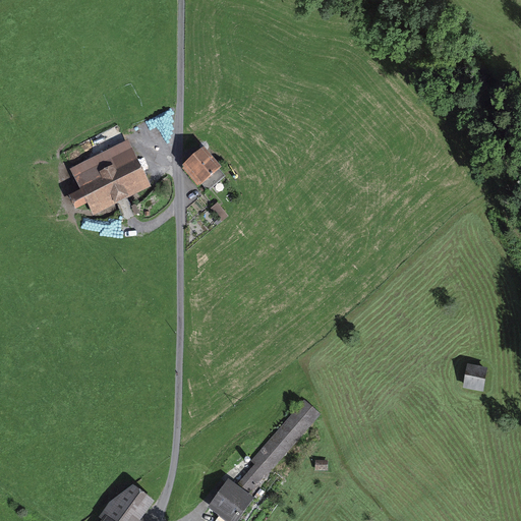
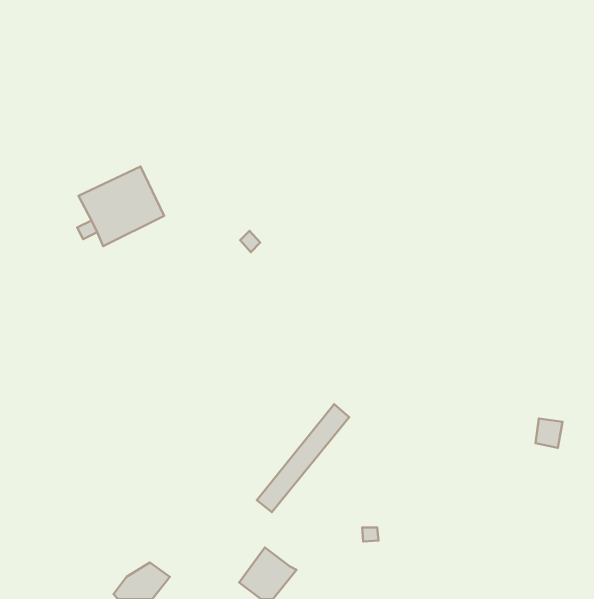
building: [186,148,223,183] -> none
building: [238,398,319,491] -> [257,404,349,512]

